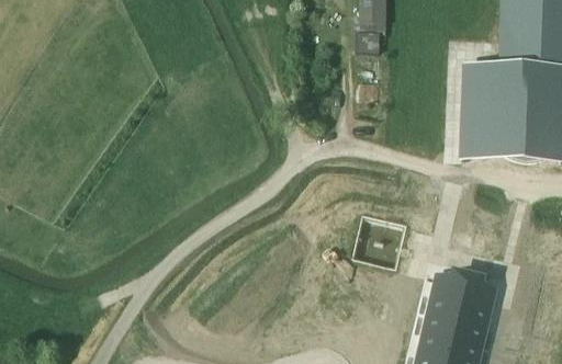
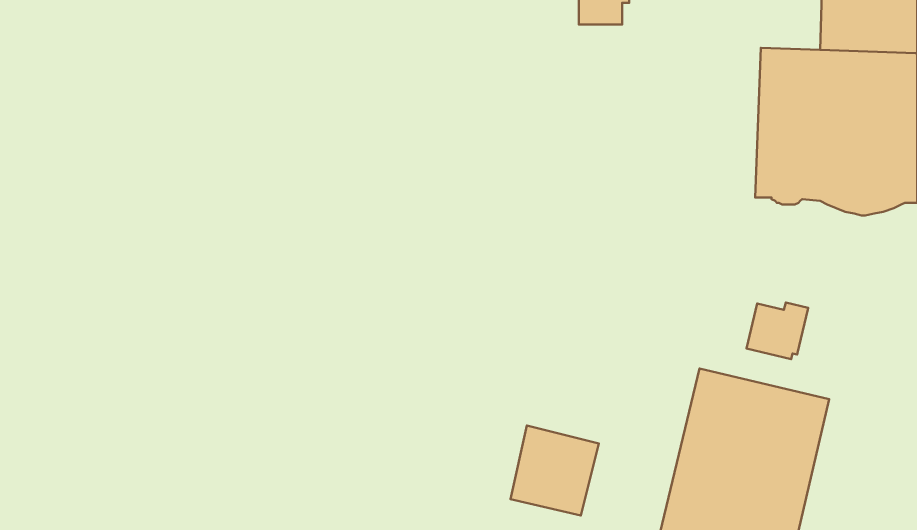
building: [352,213,406,268] -> [511,425,599,515]
building: none -> [746,302,808,359]

